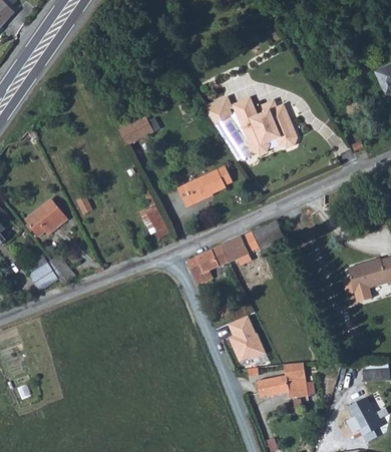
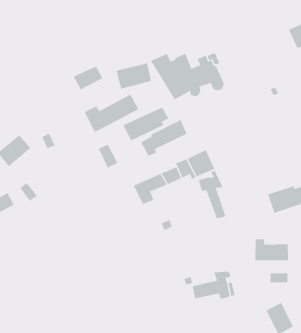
building: none -> [116,63,152,90]
building: none -> [84,94,139,133]
building: none -> [140,119,187,157]
building: none -> [198,171,226,219]
building: [227,318,265,365] -> none
building: none -> [255,238,288,261]

